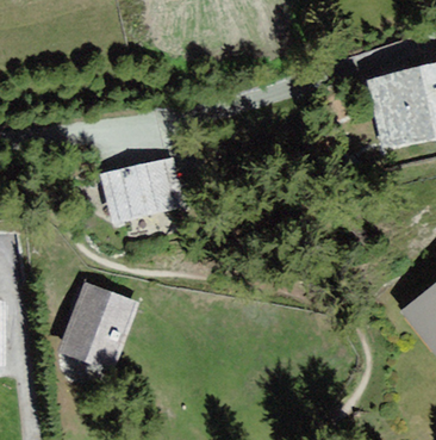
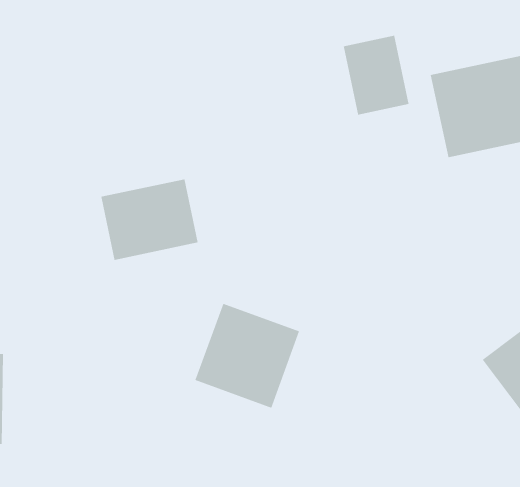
building: none -> [343,35,409,115]
building: [62,287,147,372] -> [195,303,300,409]

